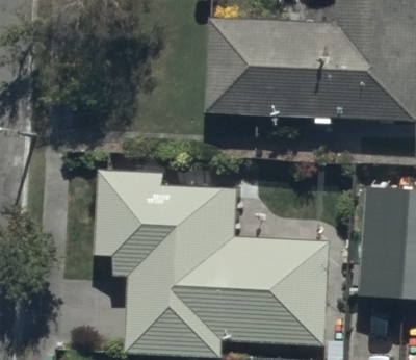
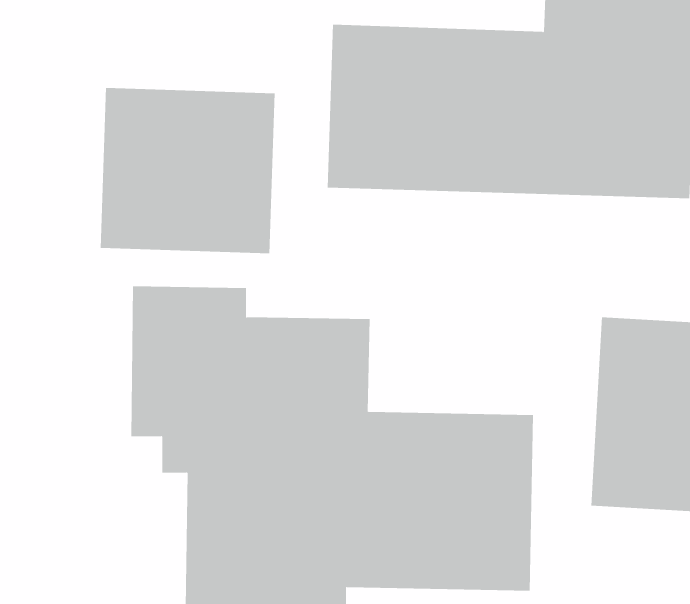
building: none -> [100,87,275,254]

